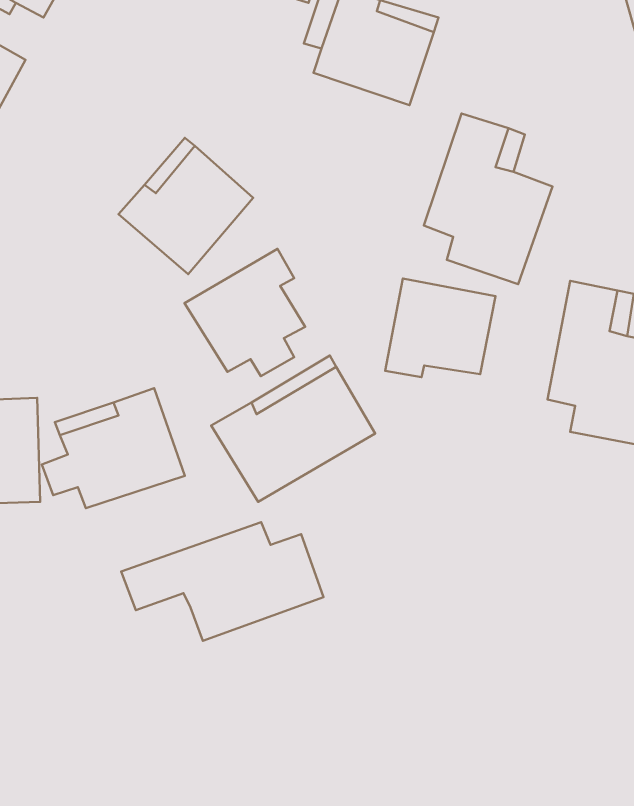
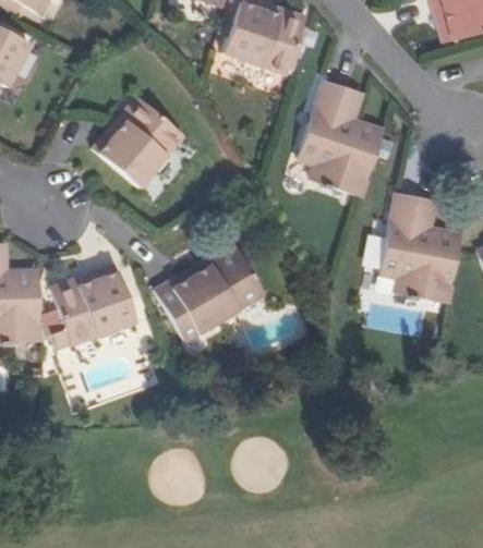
building: [184,249,305,376] -> none
building: [385,278,495,377] -> none
building: [121,522,323,641] -> none

